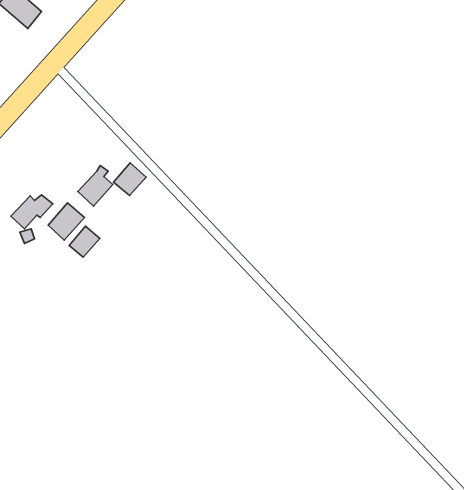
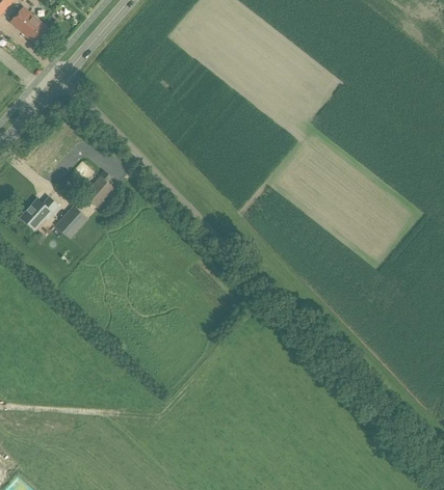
building: [114,163,146,196] -> none
building: [69,226,100,257] -> none

